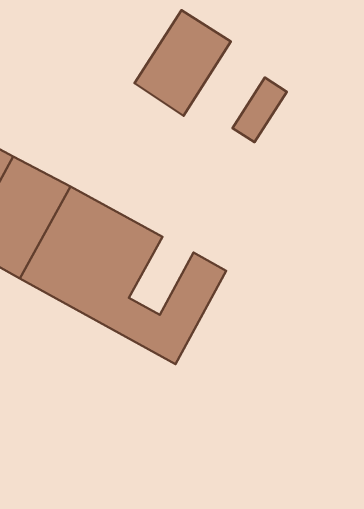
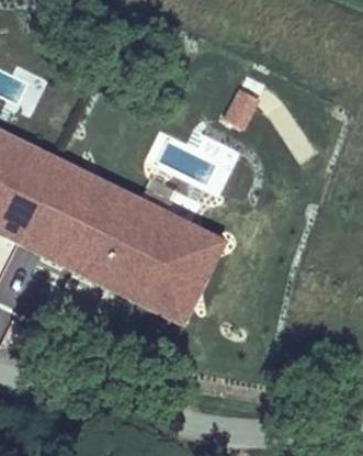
building: [134,10,231,116] -> none
building: none -> [137,216,192,282]

